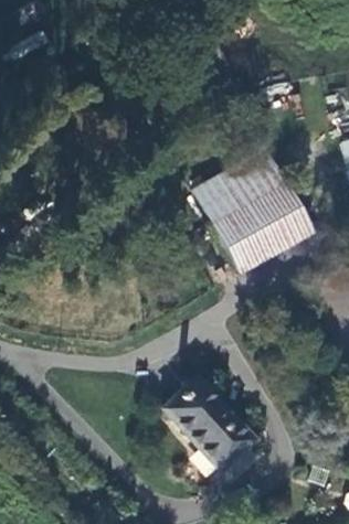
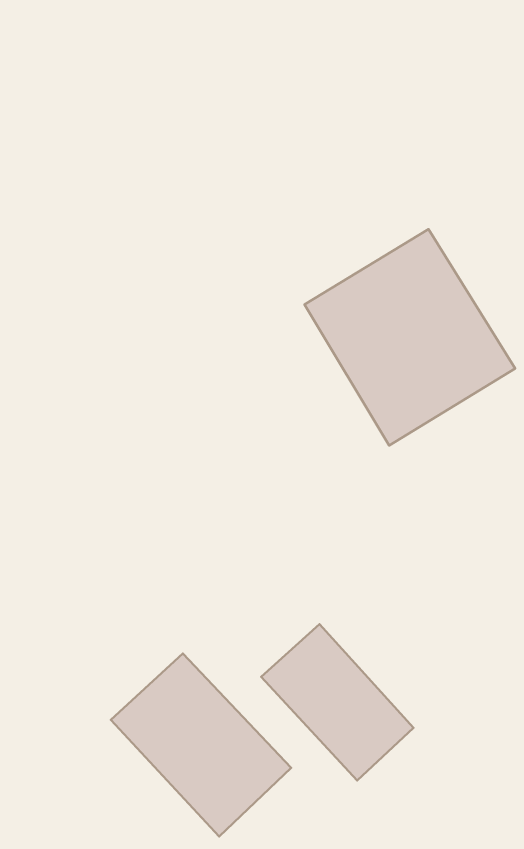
building: none -> [111,653,291,836]

